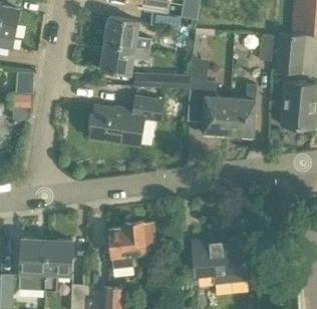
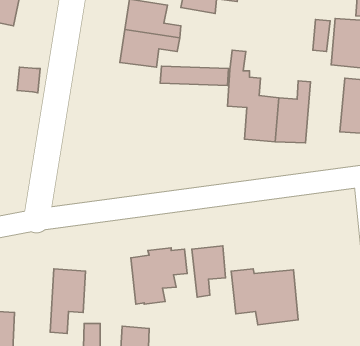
building: [89,96,163,145] -> none
building: none -> [192,246,226,297]
building: [19,238,46,291] -> none

